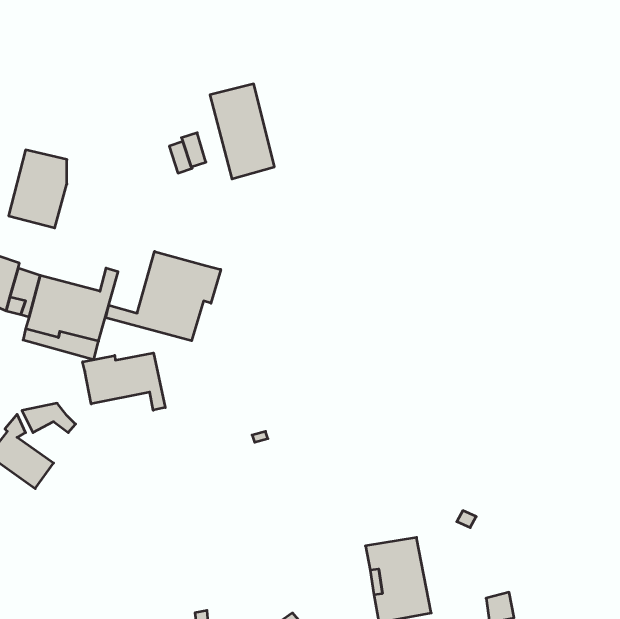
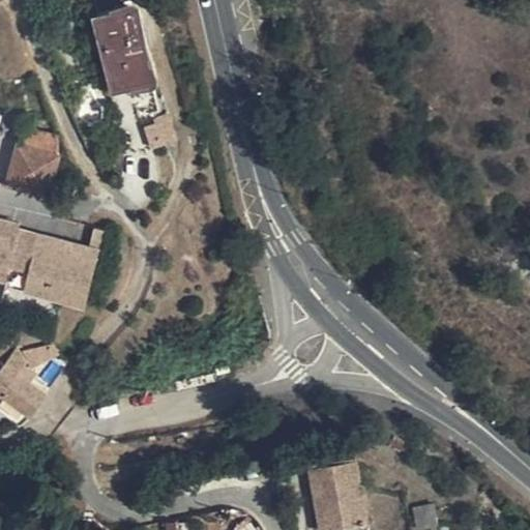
building: [210,84,274,179] -> [95,10,150,91]
building: [106,251,221,341] -> none
building: [83,353,165,410] -> none

